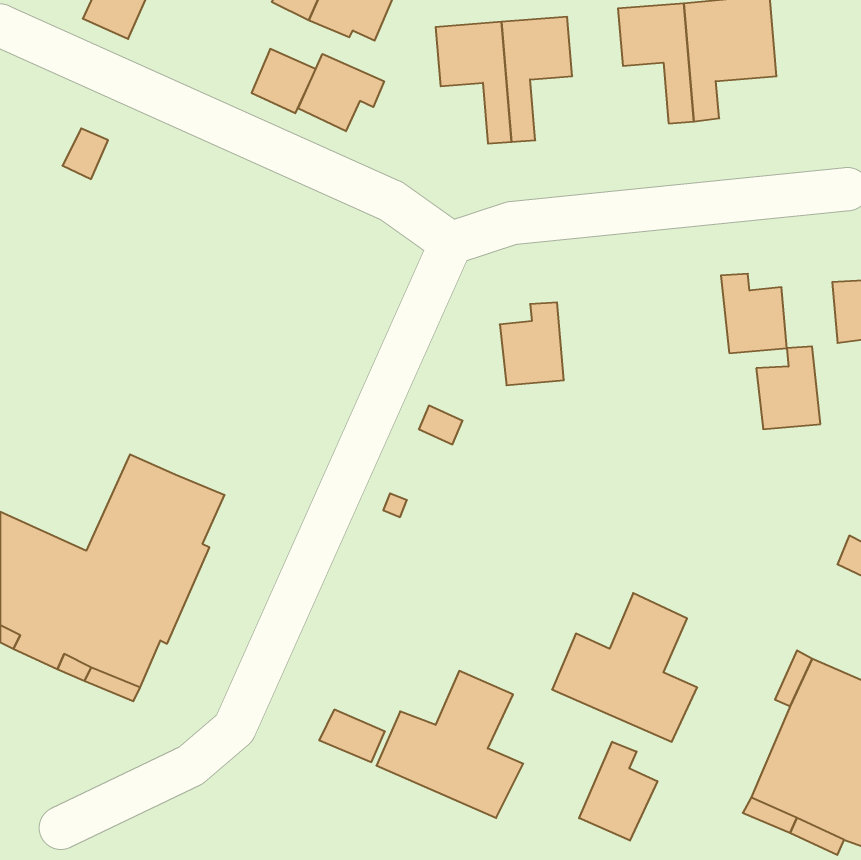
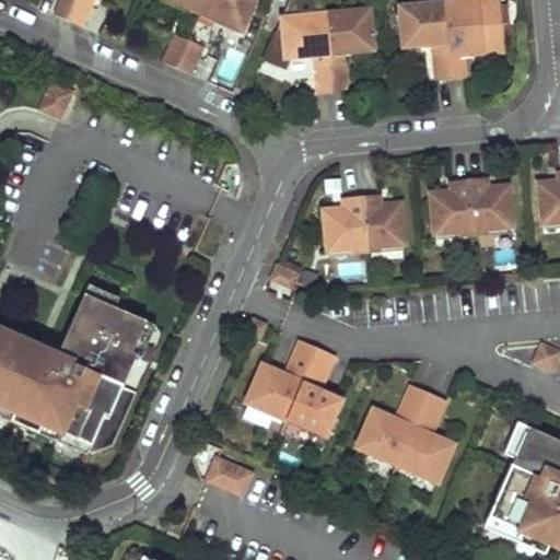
building: [298,54,384,131] -> none
building: none -> [362,194,404,246]
building: [756,346,820,429] -> [432,178,474,232]
building: [376,671,523,818] -> [247,340,342,435]
building: [579,742,657,841] -> none

